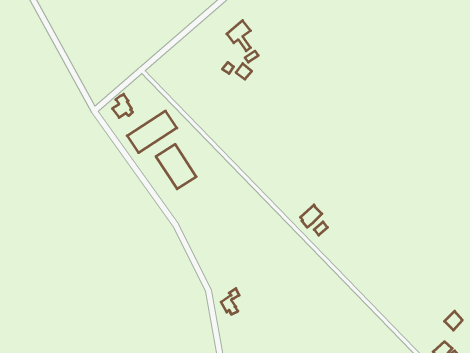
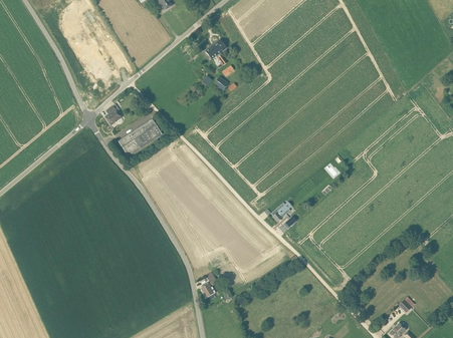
building: [156,144,196,189] -> none

